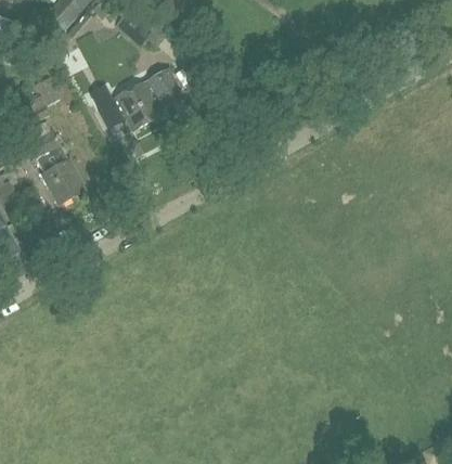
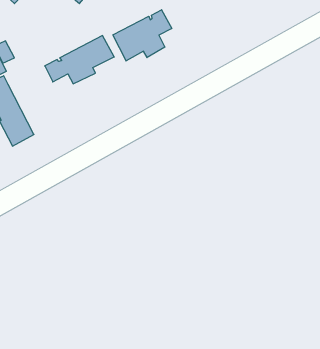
building: none -> [113,10,172,61]

